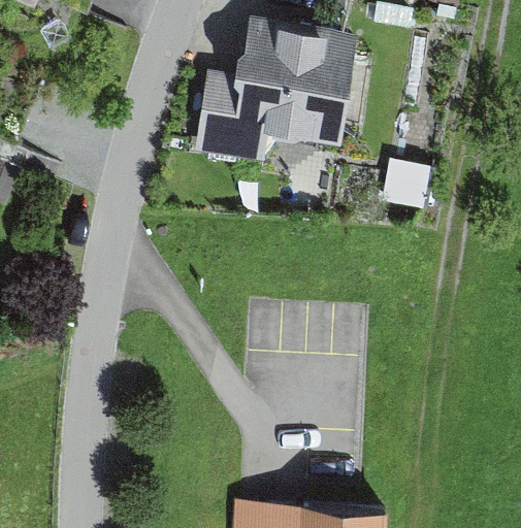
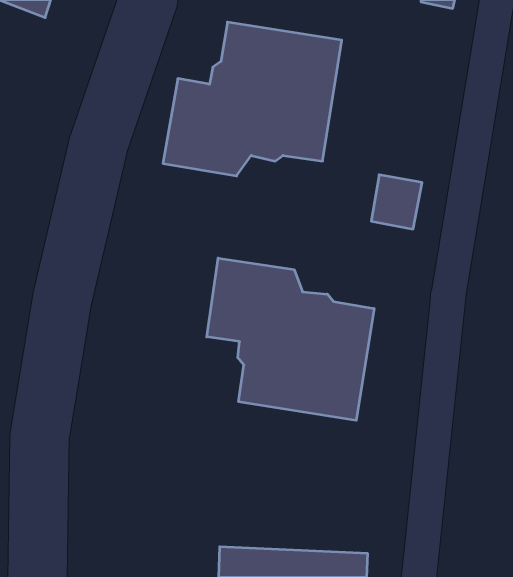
building: none -> [207,258,374,420]

